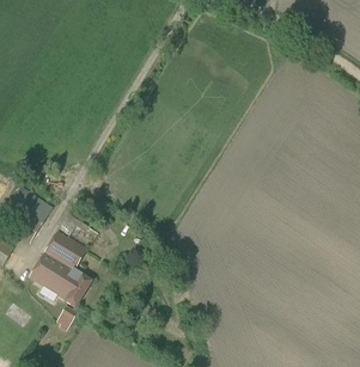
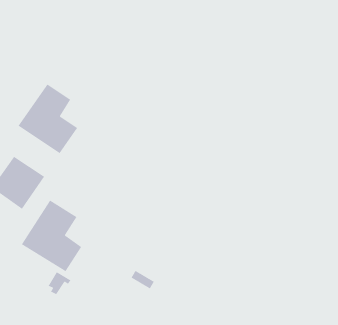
building: none -> [18,83,78,154]

